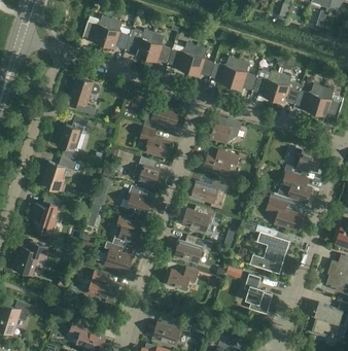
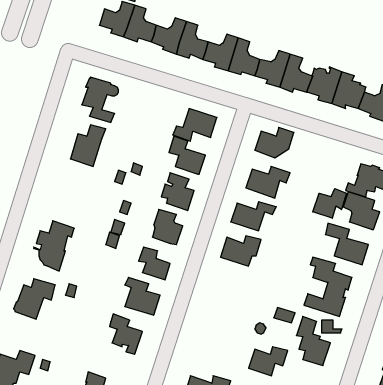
building: [42,156,76,190] -> none
building: none -> [313,189,346,218]
building: [174,237,207,261] -> none
building: [167,267,199,290] -> [249,347,288,376]

